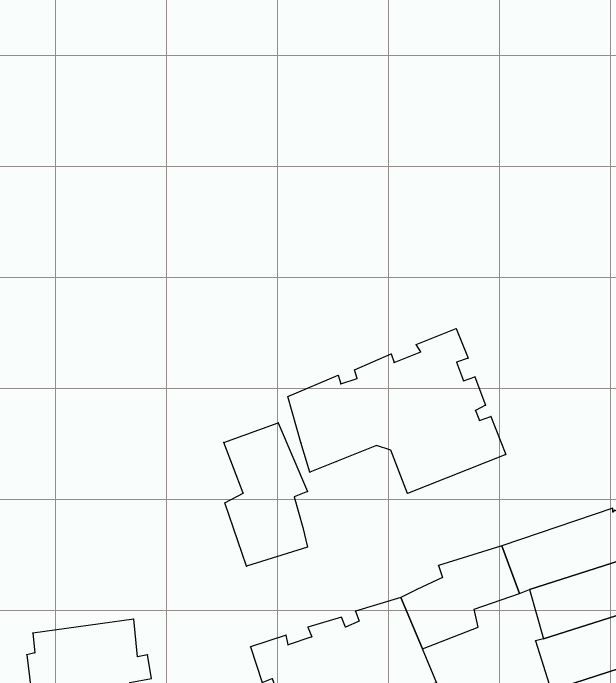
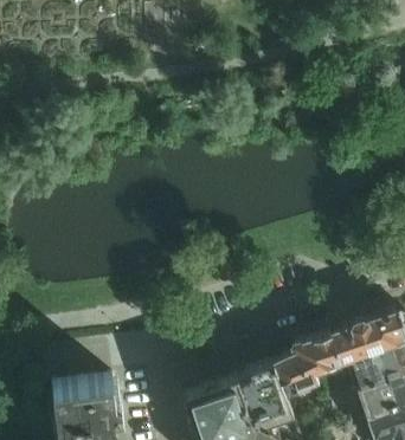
building: [288,329,506,493] -> none
building: [224,423,308,566] -> none

